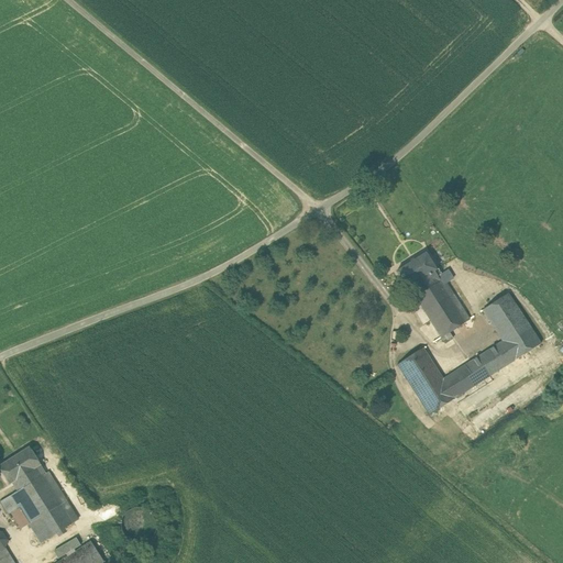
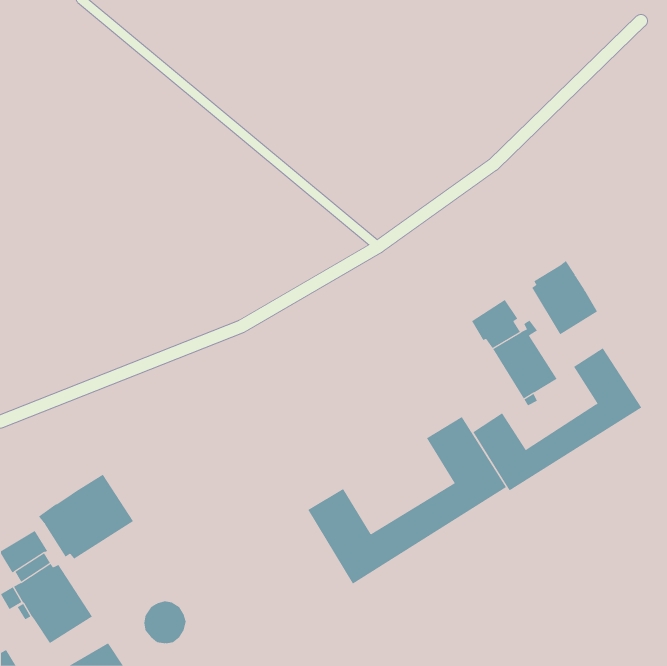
building: none -> [532,260,598,335]
building: none -> [308,416,507,584]
building: none -> [38,474,134,560]

